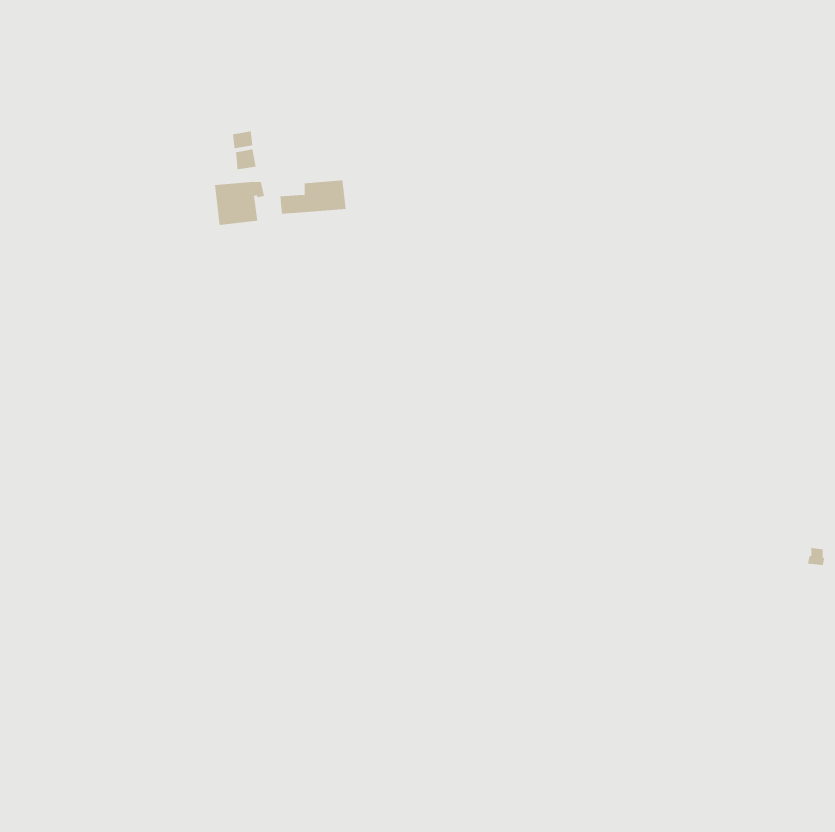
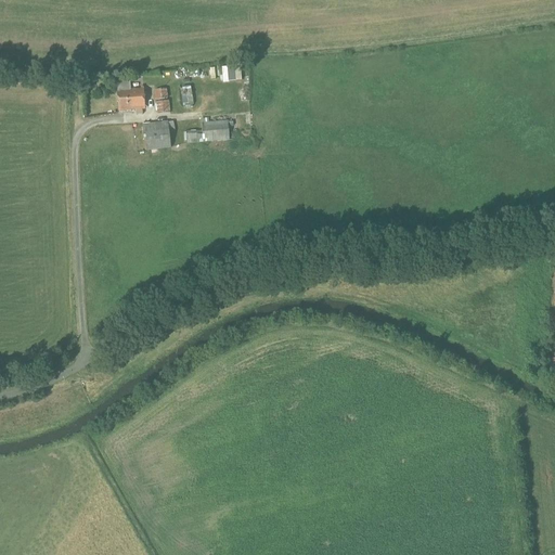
building: none -> [117,78,145,109]

